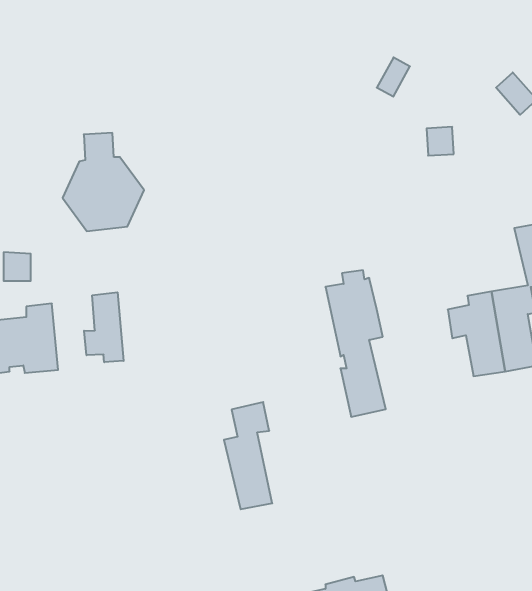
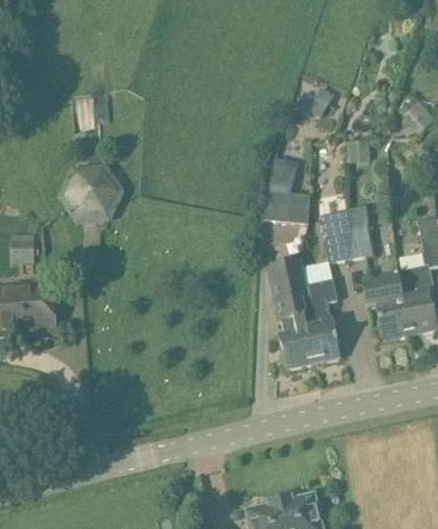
building: none -> [260,157,310,223]
building: none -> [320,206,373,262]
building: [84,292,124,362] -> none
building: [224,402,272,509] -> [302,278,340,363]

